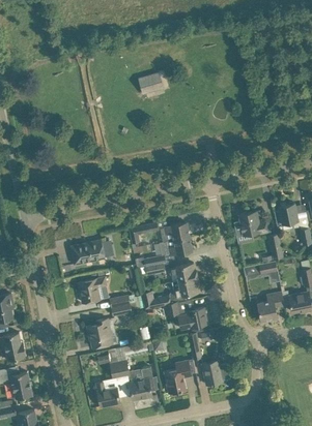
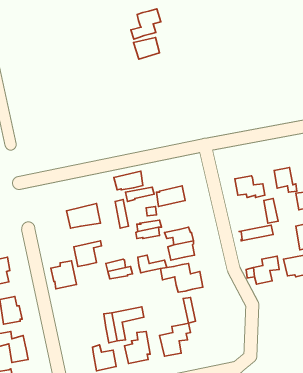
building: none -> [131,9,161,39]
building: [163,236,192,254] -> [114,171,143,190]
building: [87,318,113,346] -> [51,261,77,289]
building: [202,360,230,385] -> none

